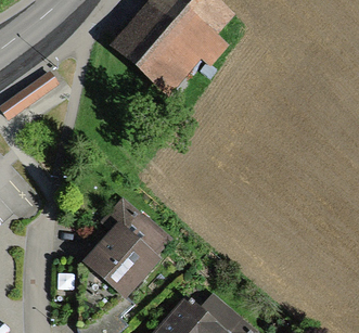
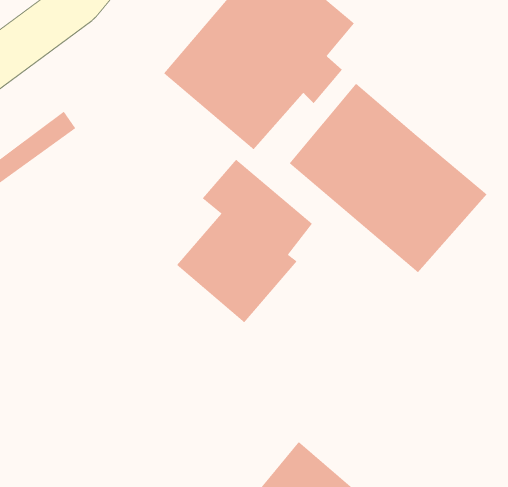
building: none -> [289,83,488,273]
building: [82,195,169,299] -> [176,159,313,323]

